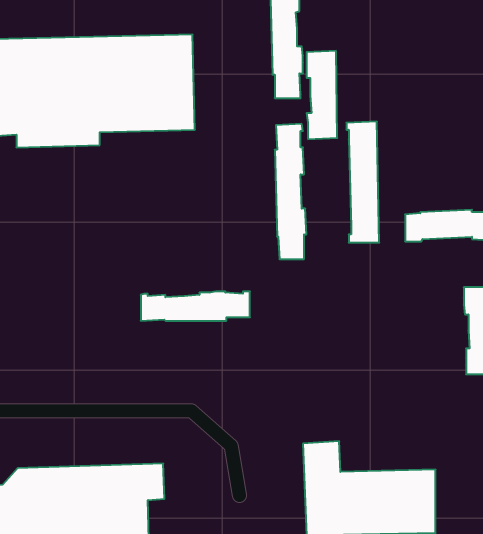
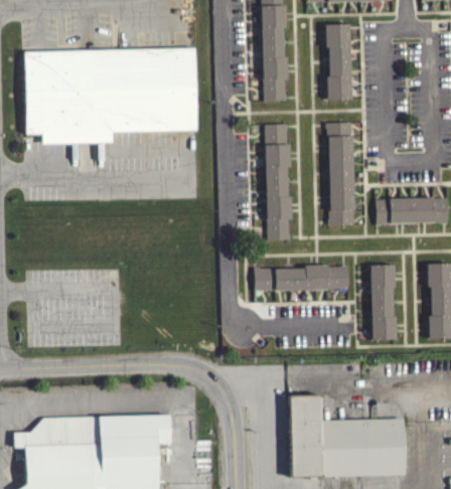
building: [307,51,337,139] -> [326,24,352,100]
building: none -> [370,265,397,341]
building: [141,291,250,321] -> [255,266,348,291]

